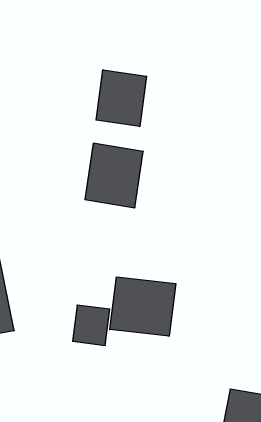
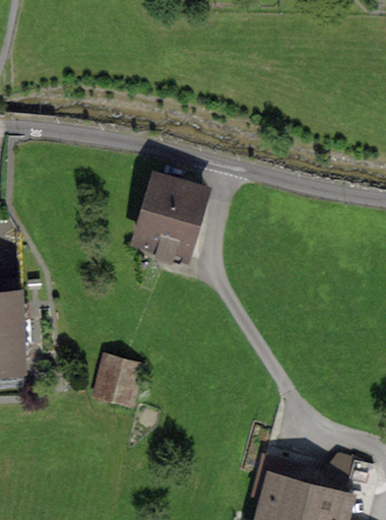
building: [96,70,147,127] -> none
building: [110,277,176,336] -> none

